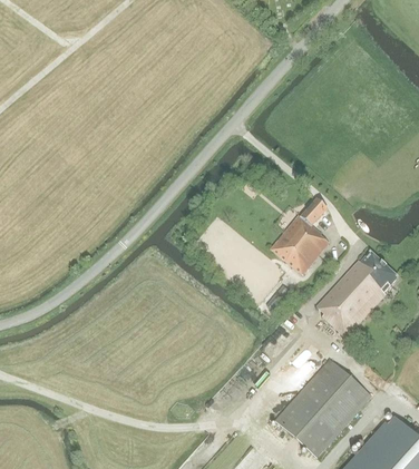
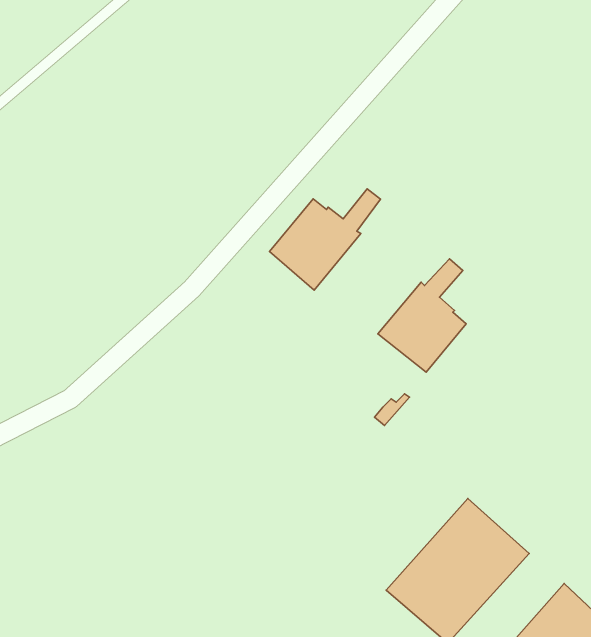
building: none -> [270,189,381,290]
building: [316,250,398,336] -> none

